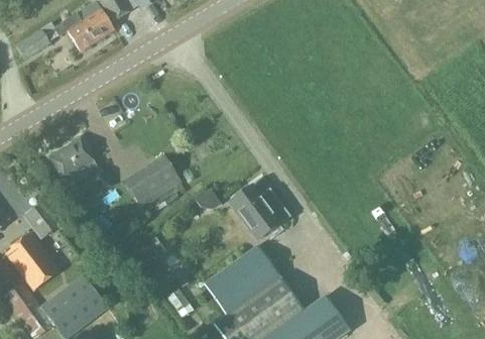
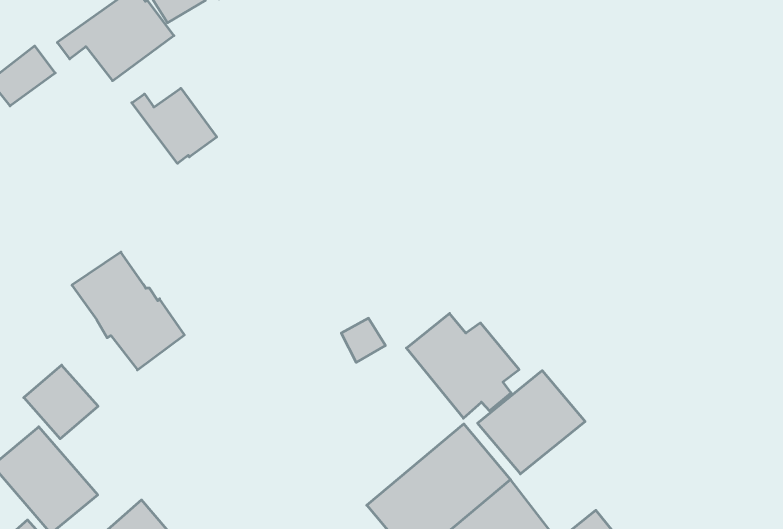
building: none -> [132,88,217,163]
building: [124,154,181,208] -> none
building: none -> [478,371,585,474]

